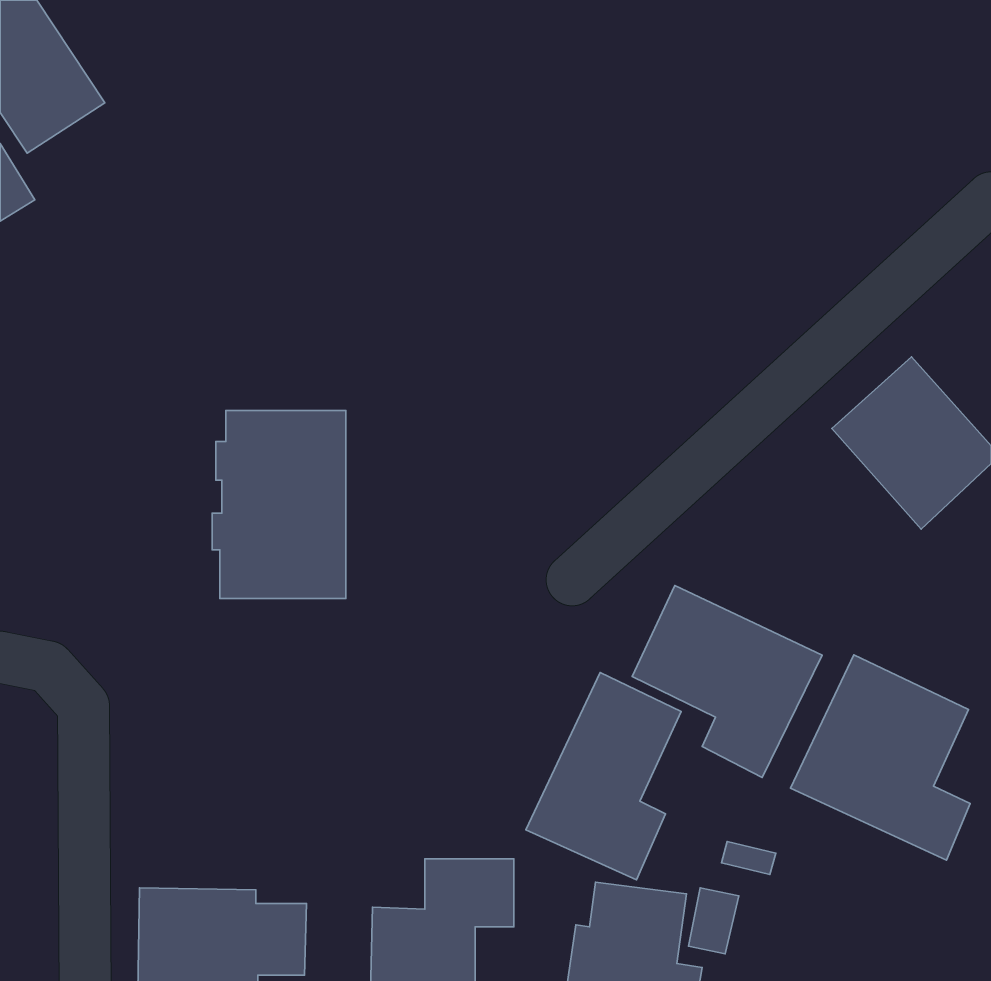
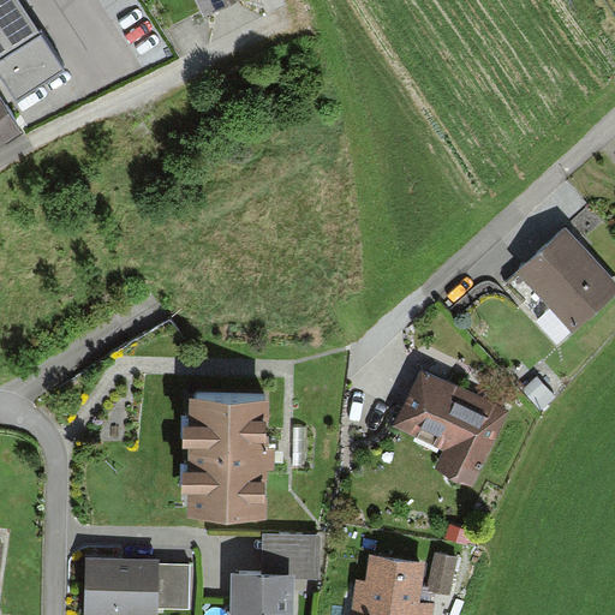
building: [212,410,346,598] -> [183,393,265,509]
building: [791,655,970,860] -> none
building: [526,672,681,880] -> none

